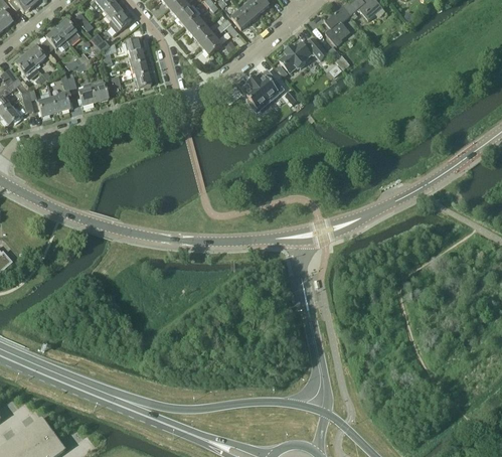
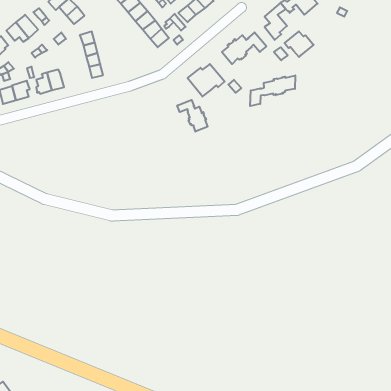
building: none -> [285,31,314,57]
building: none -> [250,75,295,106]
building: none -> [177,100,208,132]

